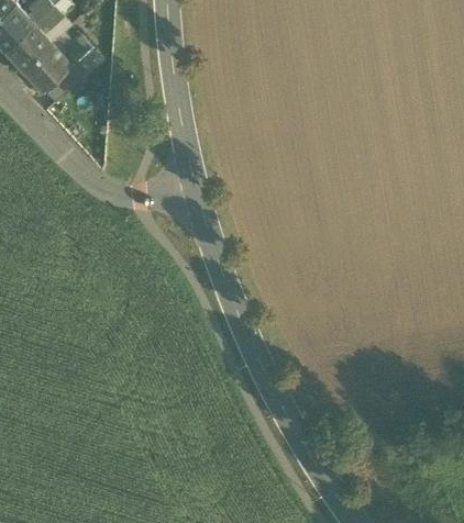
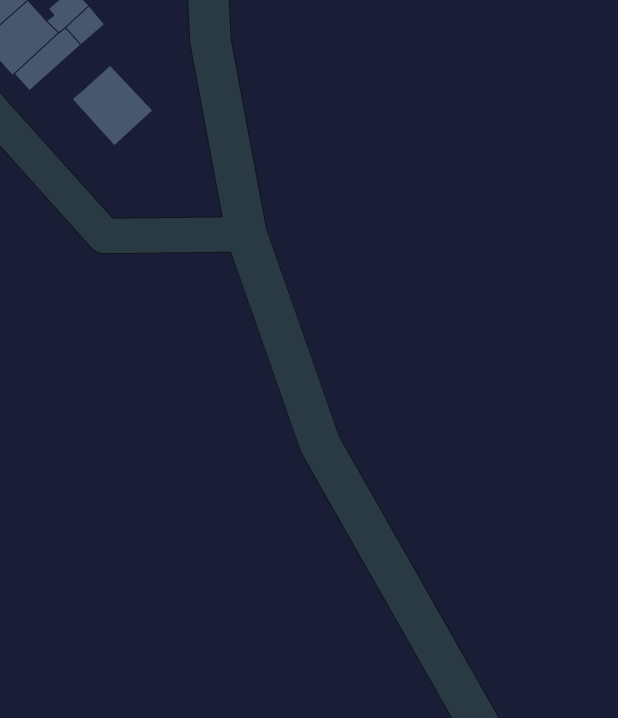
building: none -> [72,65,153,146]

